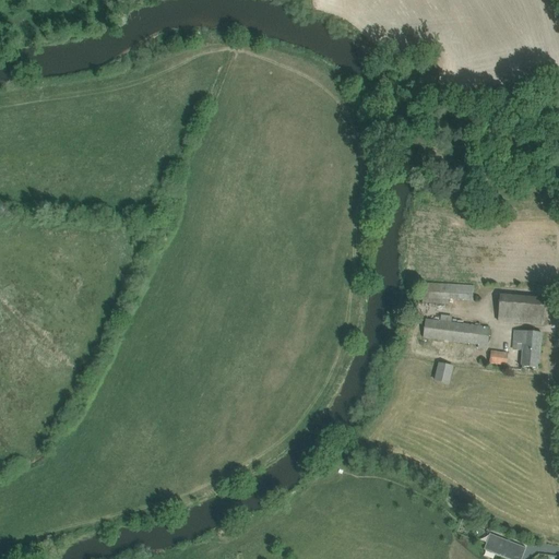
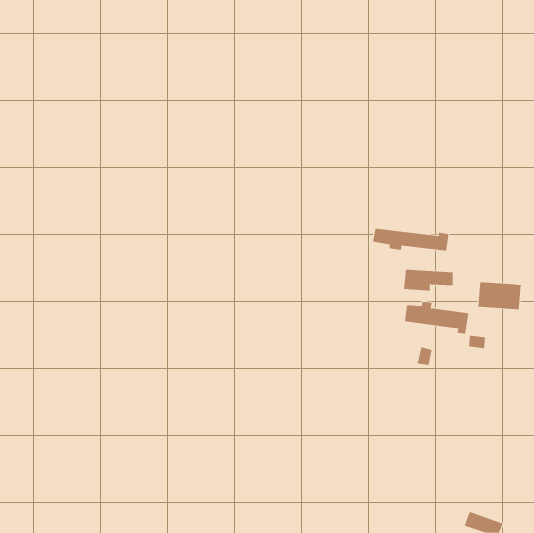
building: none -> [372,228,449,252]
building: [512,329,540,366] -> none

